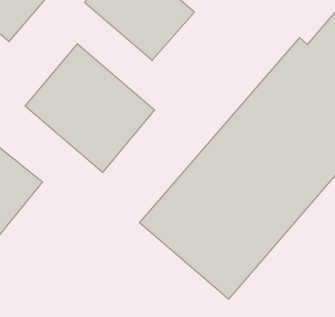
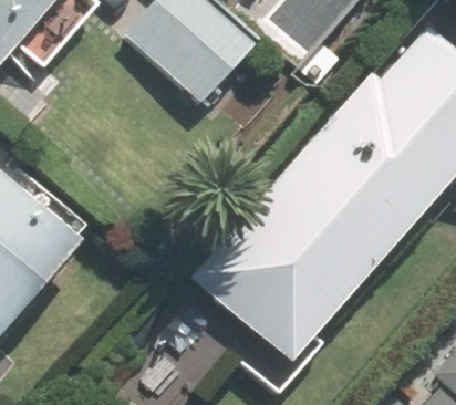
building: [25,44,155,172] -> none

